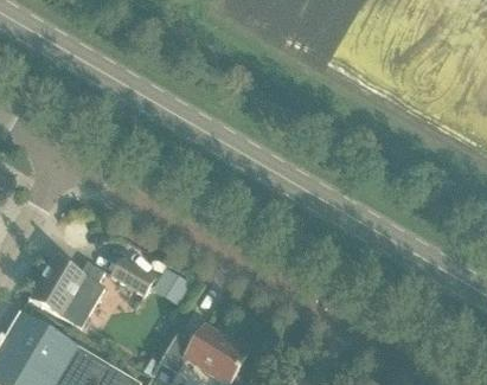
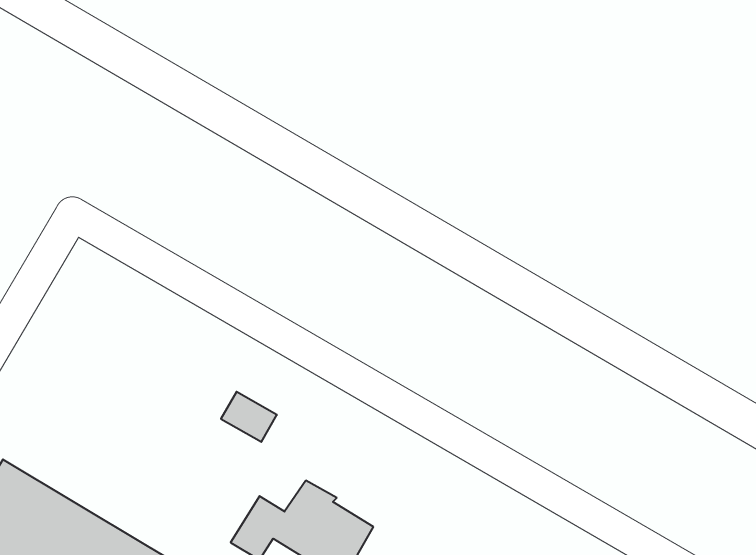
building: [30,255,103,325] -> none
building: [109,258,153,294] -> none

